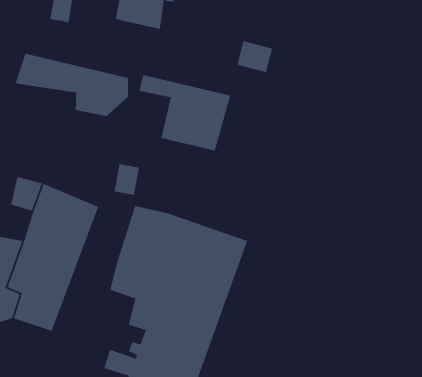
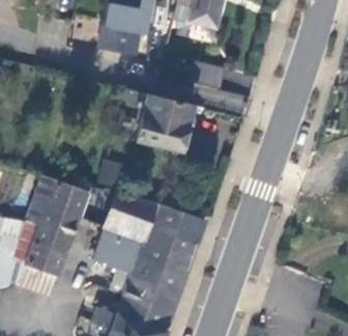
building: [15,53,129,117] -> none

